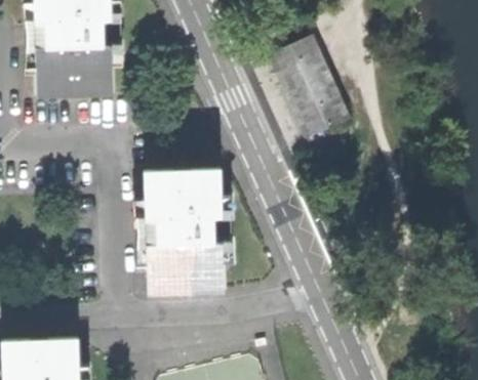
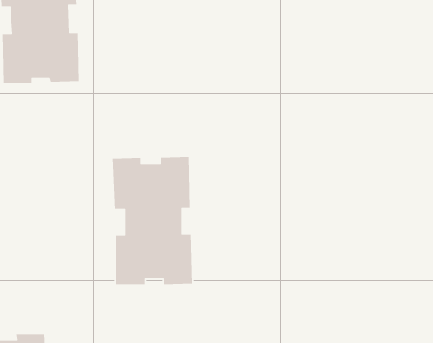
building: [268,33,347,133] -> none

